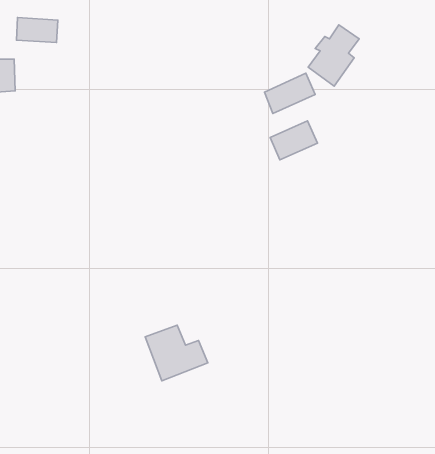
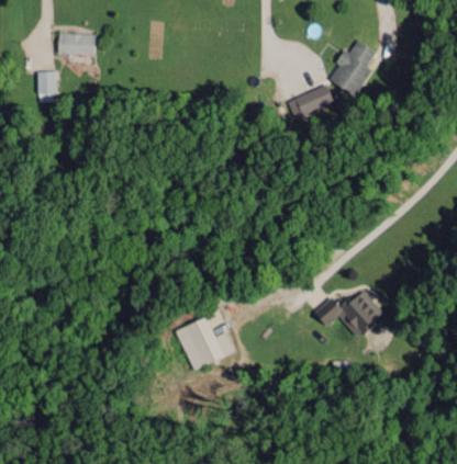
building: [270,121,317,160] -> none
building: none -> [314,291,383,337]

